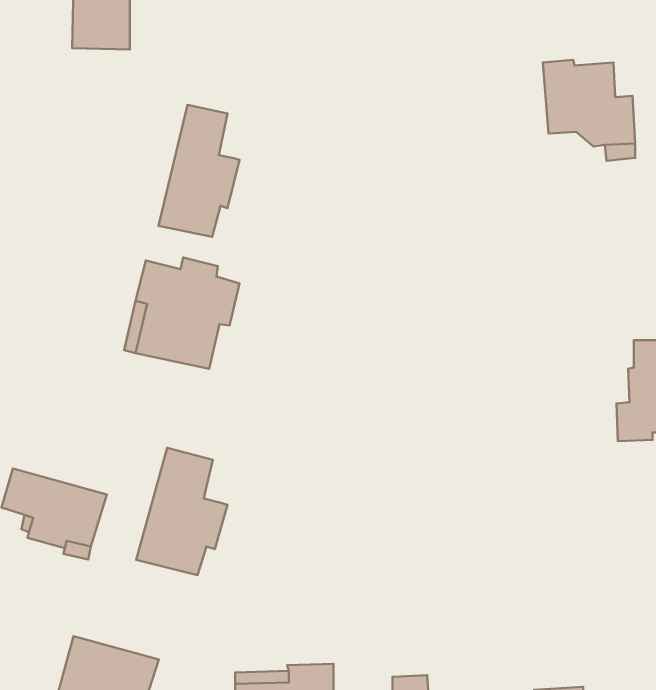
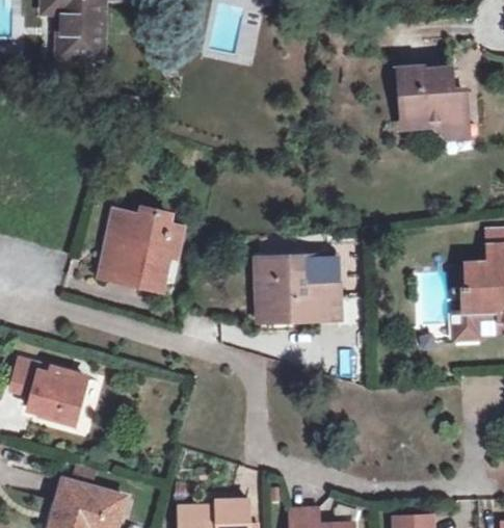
building: [158,105,239,237] -> none
building: none -> [259,258,339,319]
building: [136,448,227,575] -> none

